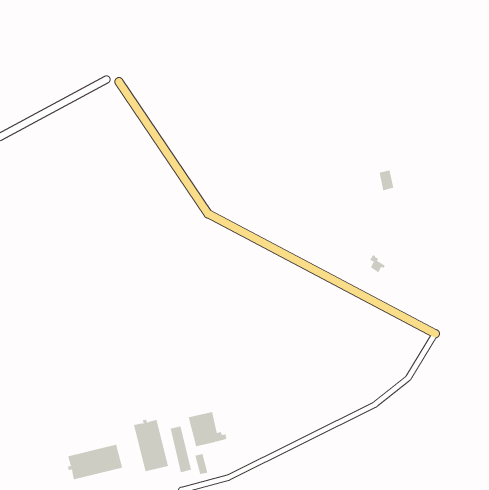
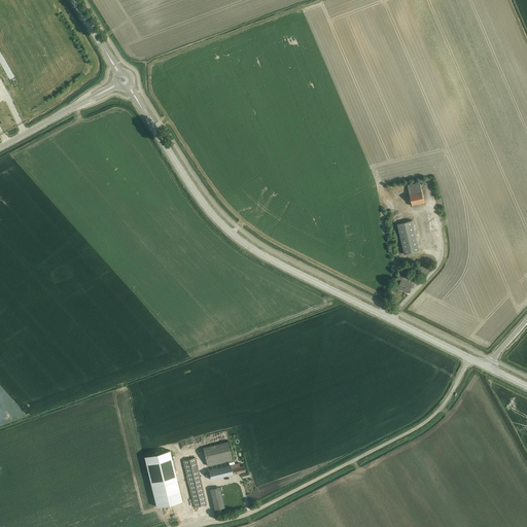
building: none -> [396,220,419,254]
building: [67,444,123,480] -> none

